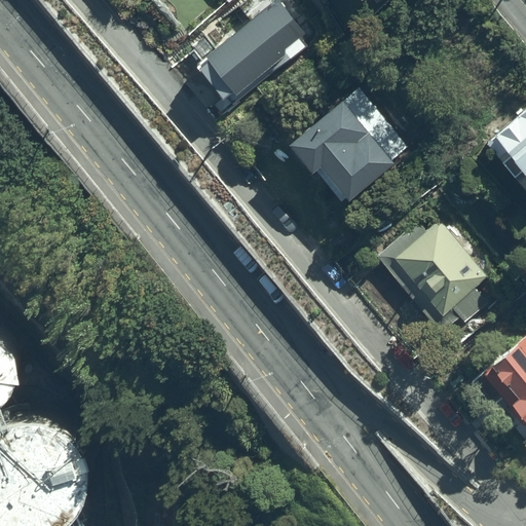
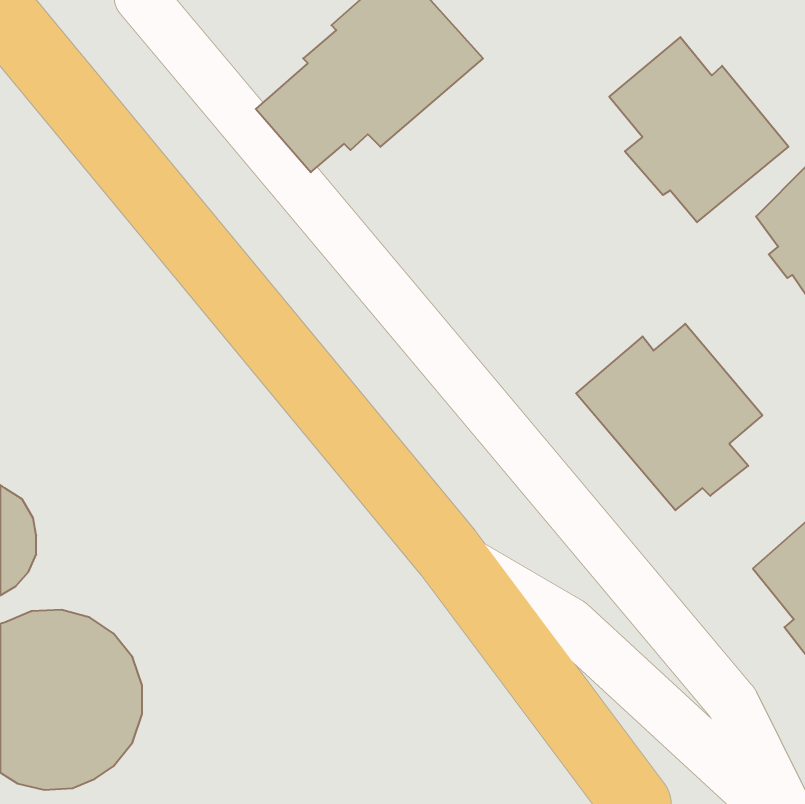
building: none -> [609,37,788,222]
building: [286,89,404,205] -> none

